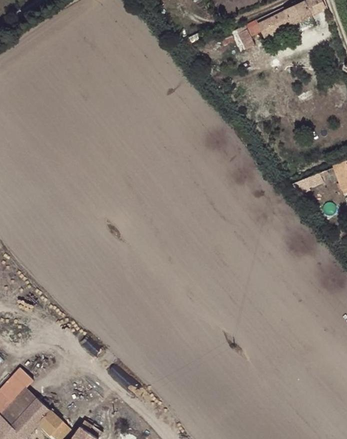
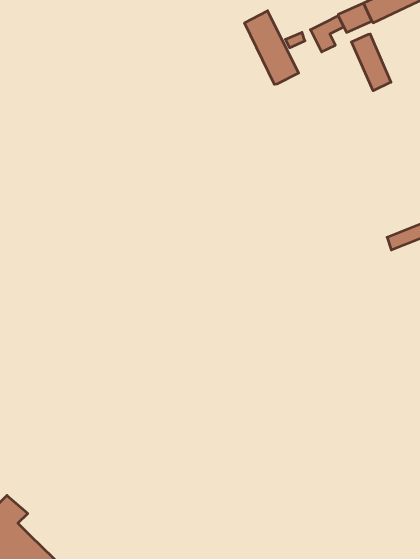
building: none -> [245,11,299,84]
building: none -> [351,34,391,91]

